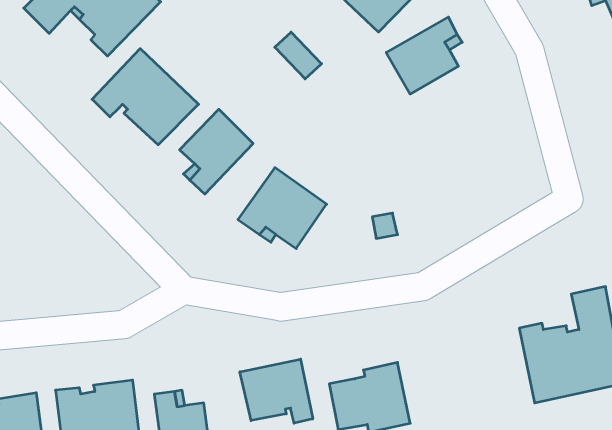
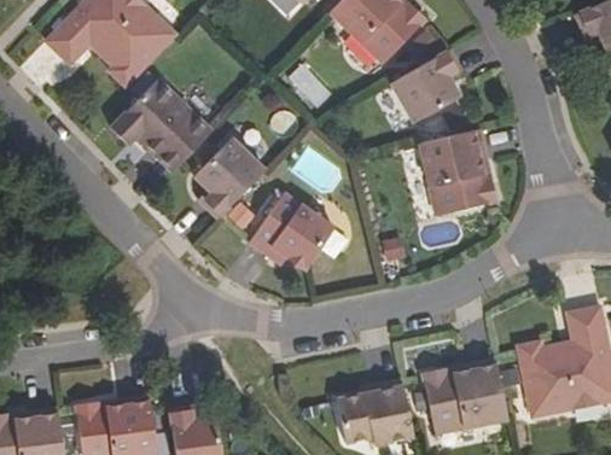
building: none -> [420,129,496,216]
building: none -> [423,360,508,433]
building: [240,359,313,423] -> none

